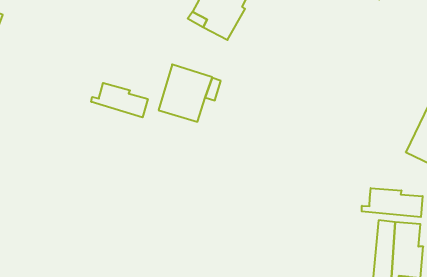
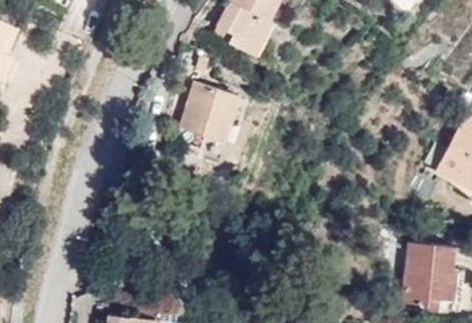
building: [91,83,148,117] -> none
building: [362,188,423,217] -> none

